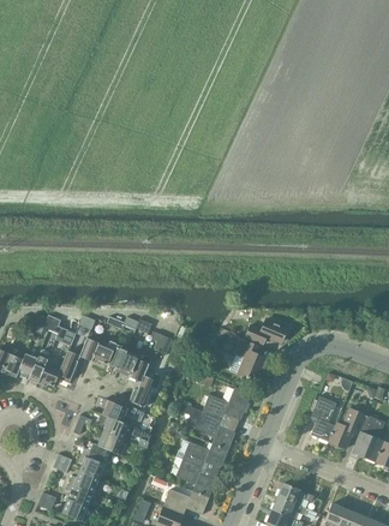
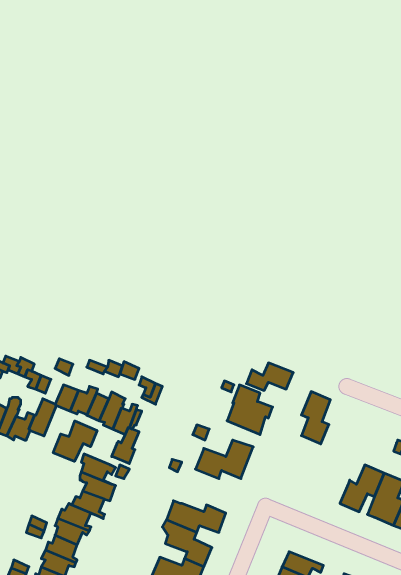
building: none -> [53,421,97,461]
building: [311,396,336,442] -> [301,392,330,444]
building: [194,412,235,450] -> none

